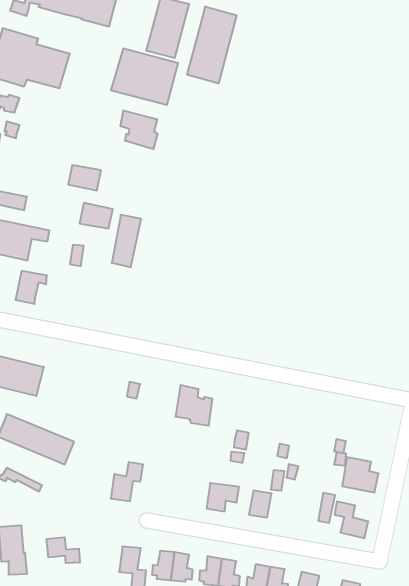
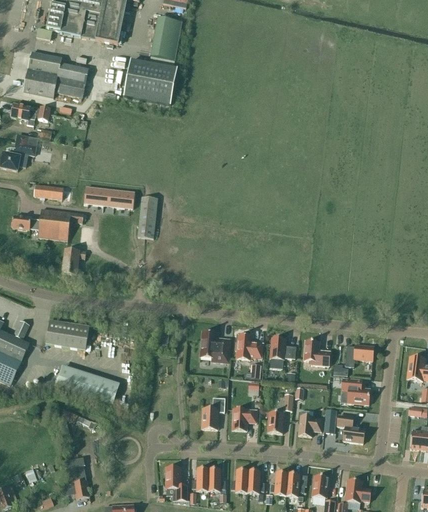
building: [187,6,236,83] -> none
building: [121,110,157,149] -> none
building: [68,165,101,191] -> [84,187,110,206]
building: none -> [236,334,263,359]
building: none -> [269,337,296,368]
building: none -> [303,341,330,366]
building: none -> [345,345,373,367]
building: [111,462,143,501] -> [201,397,225,429]
building: none -> [298,416,322,436]
building: [47,537,80,563] -> none

